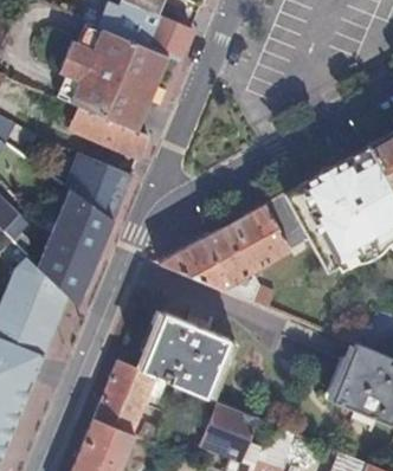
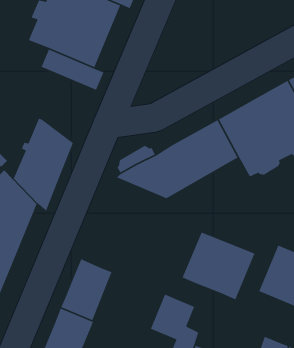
building: [67,153,131,221] -> none
building: [141,314,230,396] -> [182,231,256,300]

